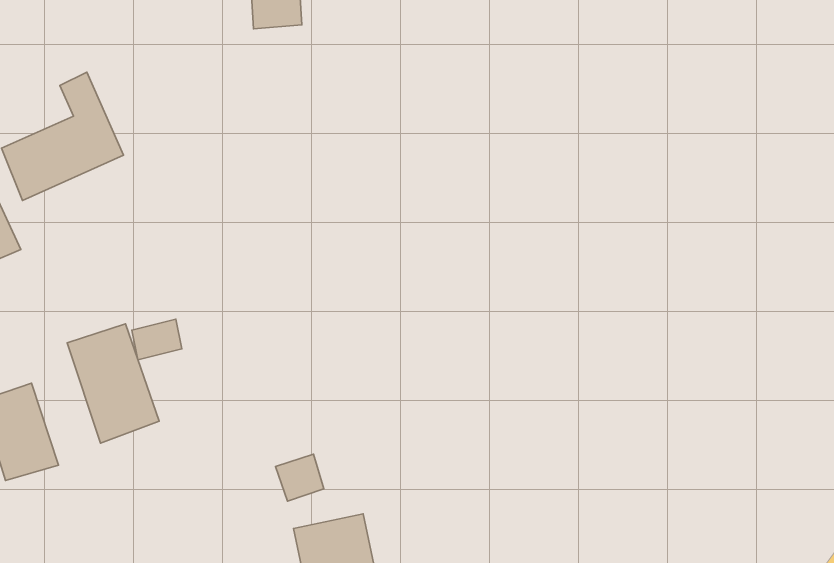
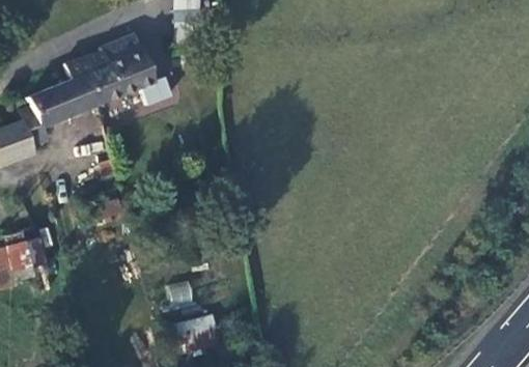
building: none -> [81,49,157,105]
building: [67,324,159,443] -> none

